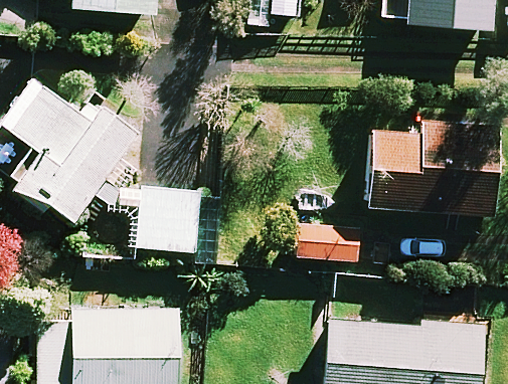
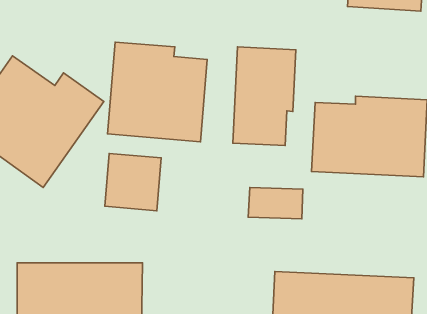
building: none -> [107,42,207,142]
building: none -> [233,47,296,146]

